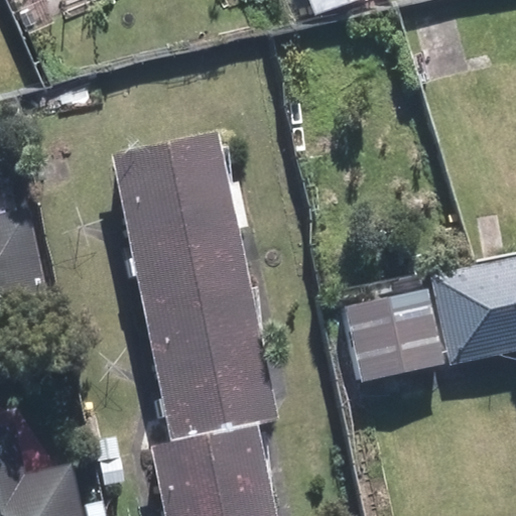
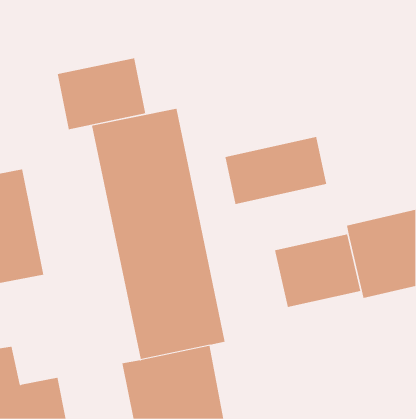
building: none -> [57,57,146,130]
building: none -> [225,136,327,205]

